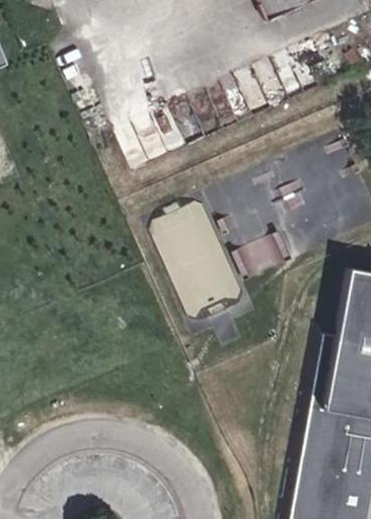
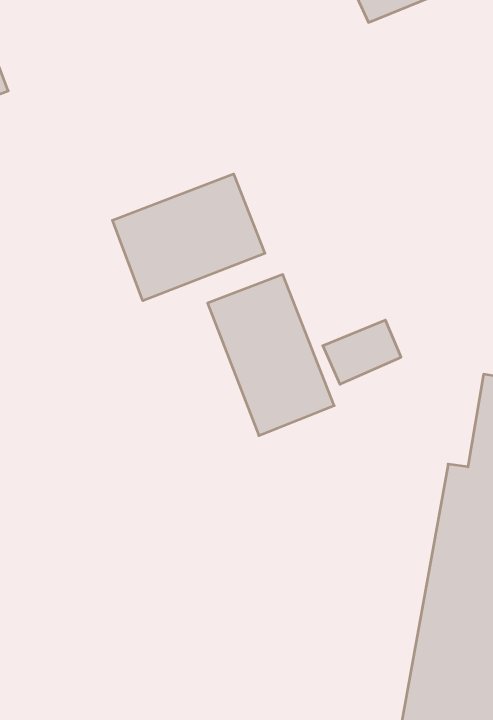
building: none -> [112,174,265,301]

